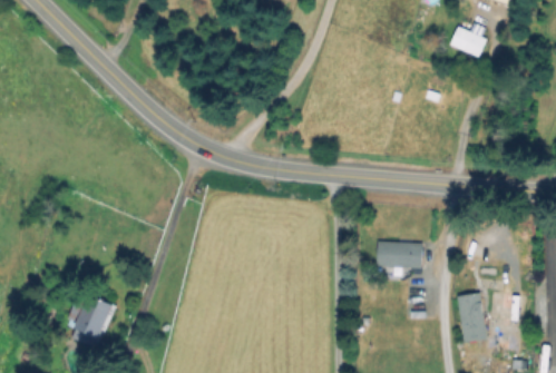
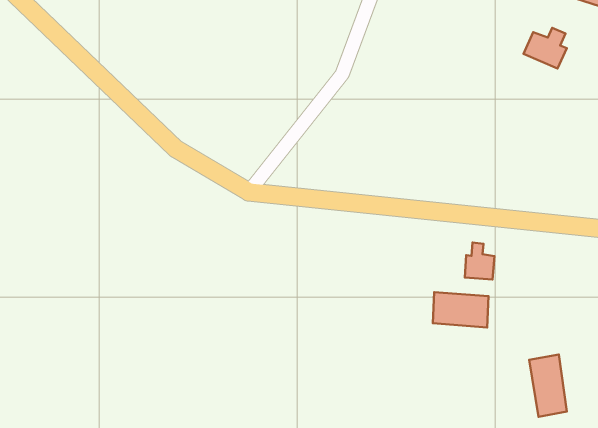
building: none -> [465,242,494,280]
building: [67,291,116,346] -> none

